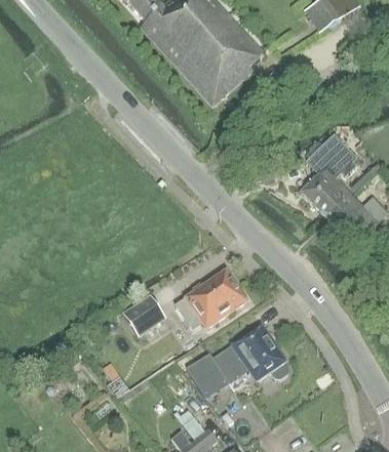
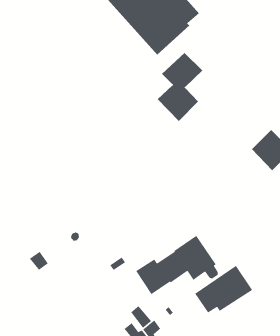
building: [301,134,357,219] -> [157,52,203,122]
building: [176,270,247,329] -> [194,265,253,314]
building: [123,293,167,336] -> none

